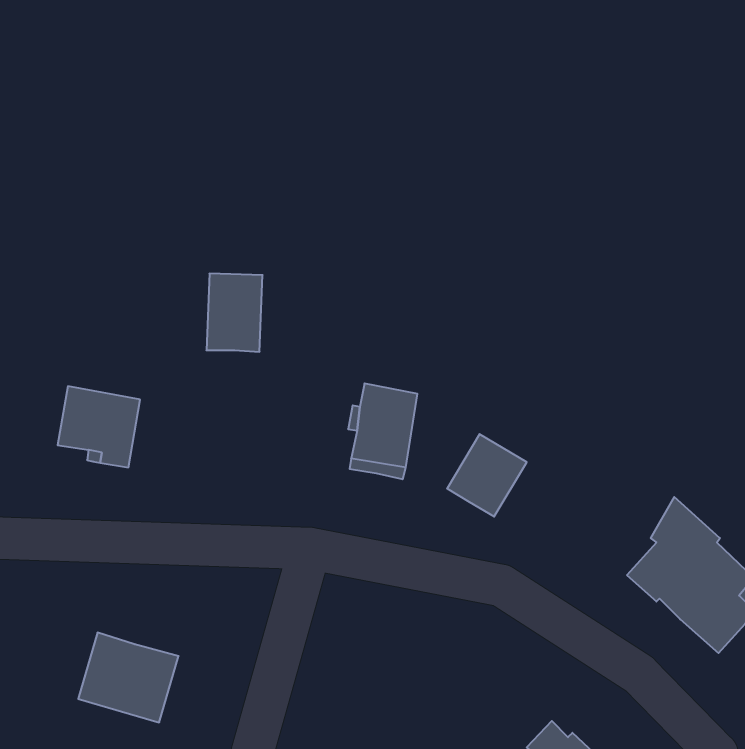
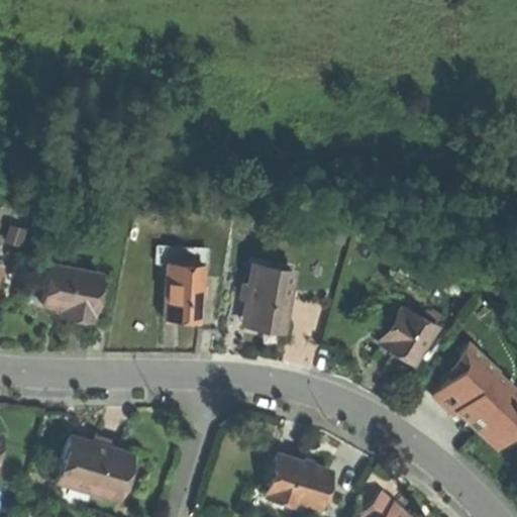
building: [206,274,263,352] -> [169,267,207,320]
building: [447,434,527,517] -> [382,308,436,365]
building: none -> [270,455,332,508]

